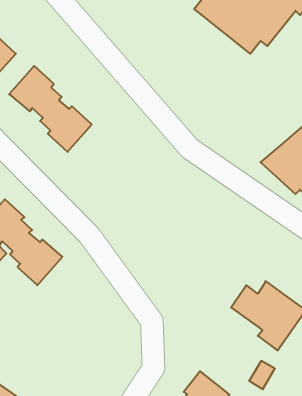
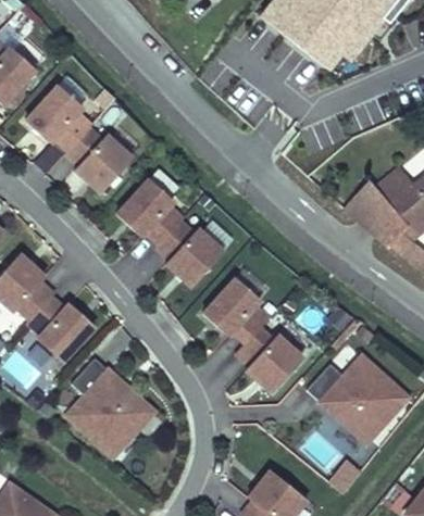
building: none -> [117,179,223,287]
building: none -> [204,278,302,393]
building: none -> [61,357,155,452]

